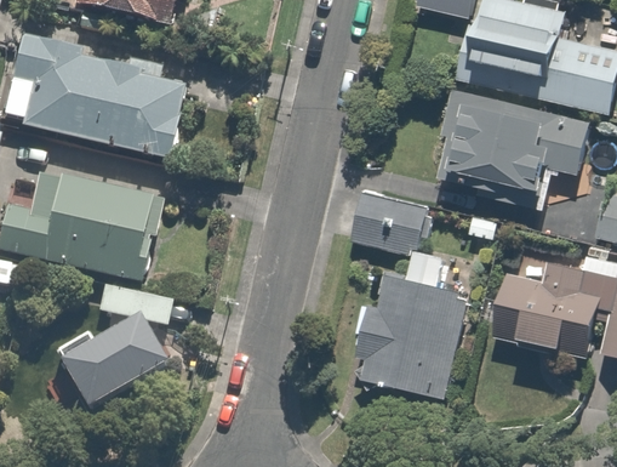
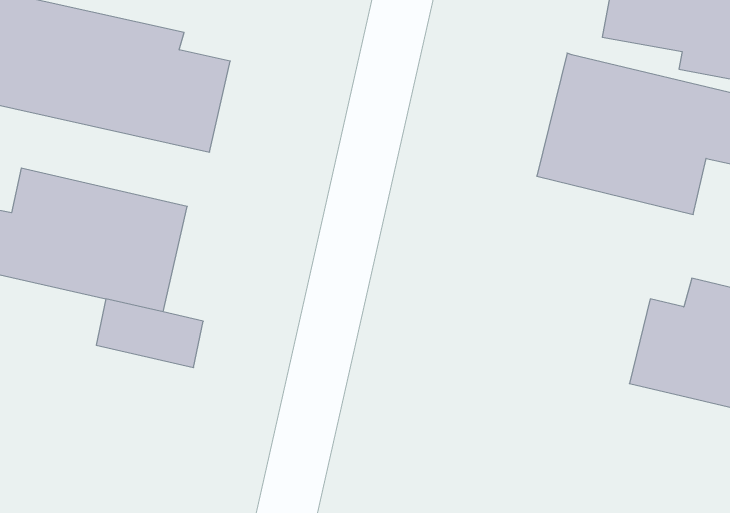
building: [343,187,473,398] -> none
building: [57,323,177,425] -> none

